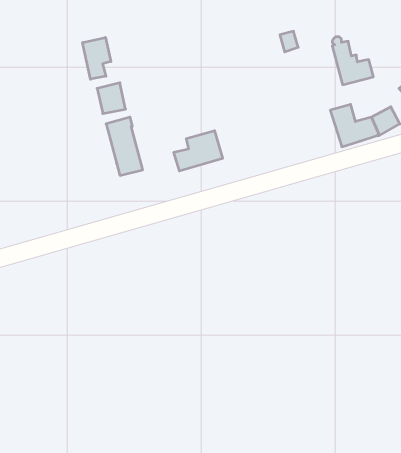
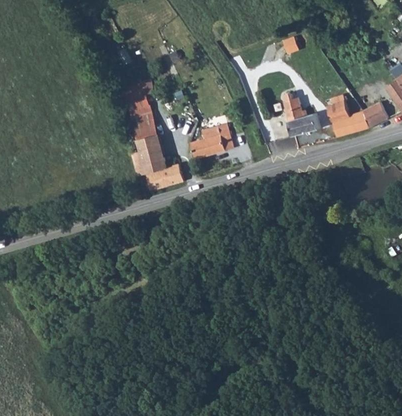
building: [332,37,373,85] -> [284,93,320,135]
building: [83,37,111,79] -> none
building: none -> [131,151,184,190]

